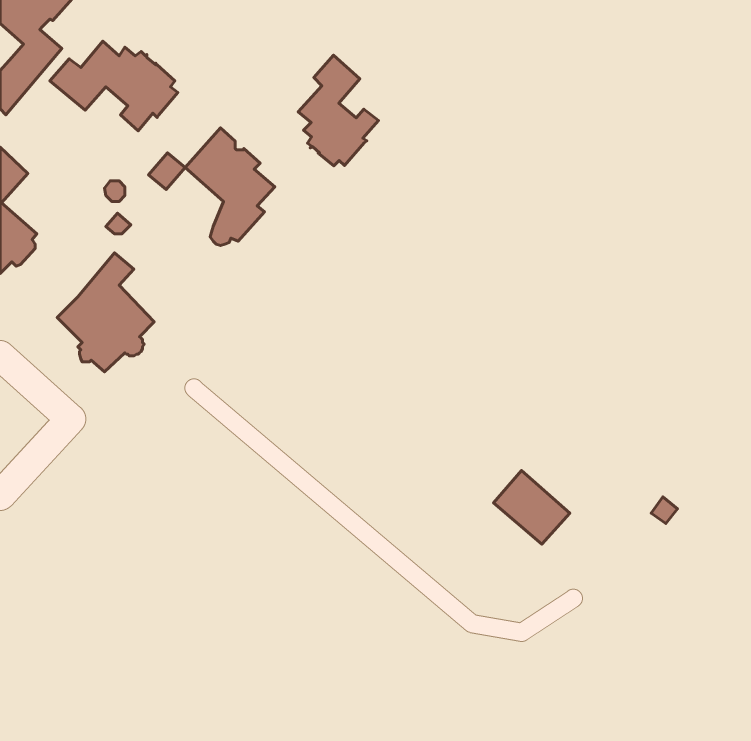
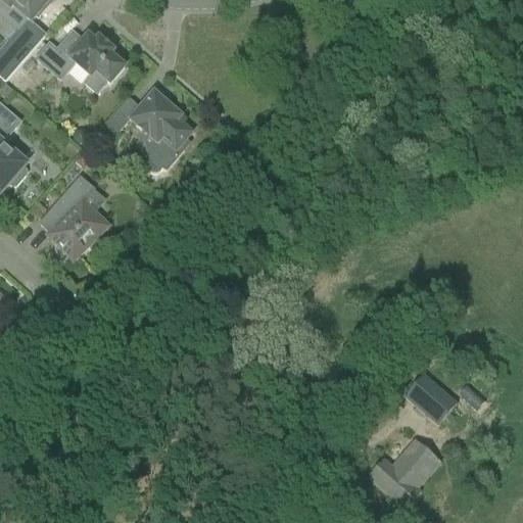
building: [298,55,378,166] -> none
building: [493,471,570,544] -> [403,372,457,423]
building: none -> [368,437,440,508]

